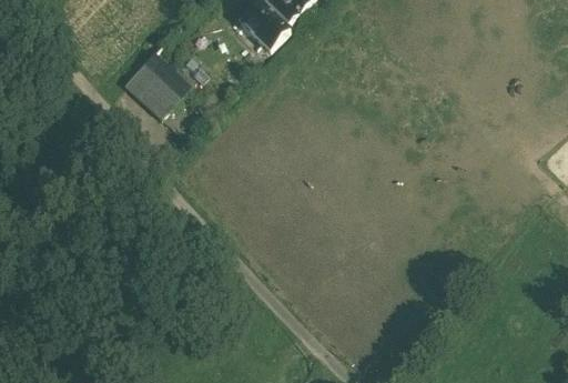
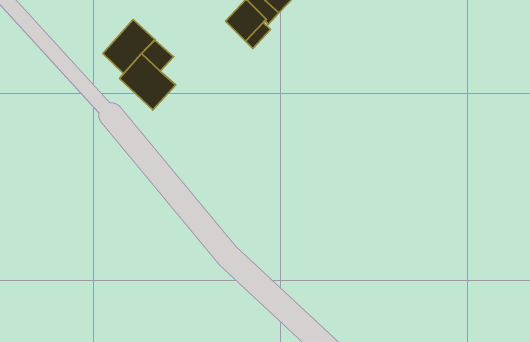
building: none -> [103,20,155,73]

